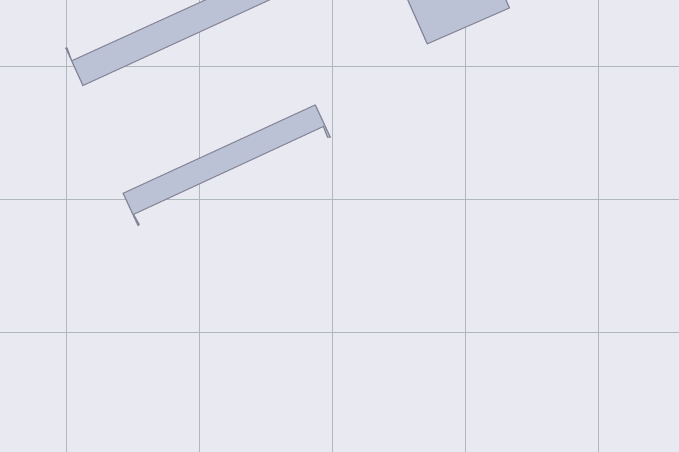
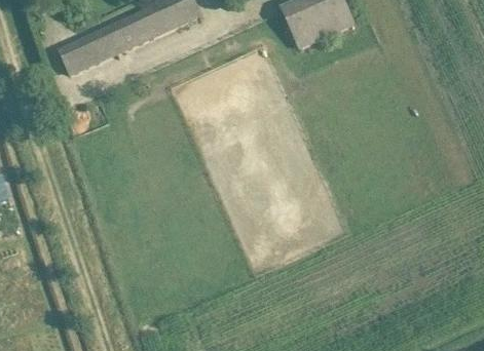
building: [123,105,330,226] -> none

